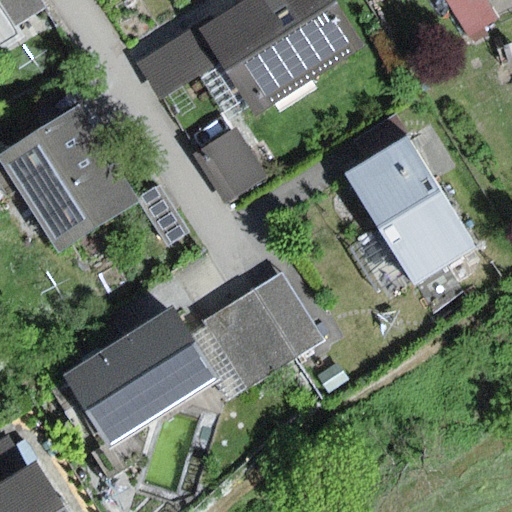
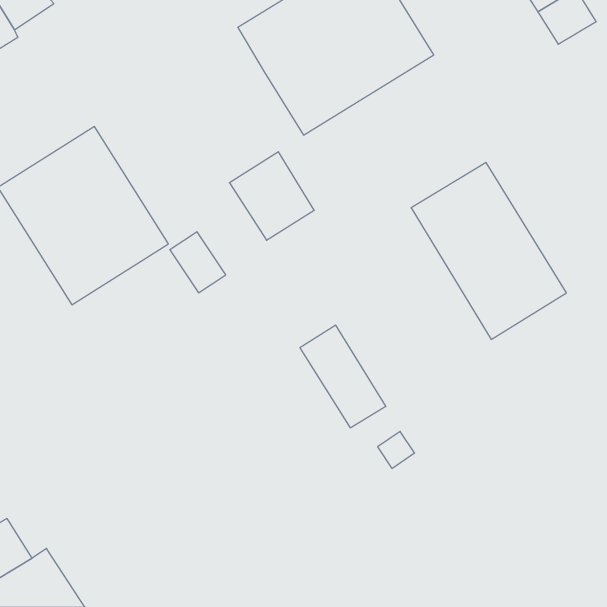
building: [136,23,221,98] -> none
building: [204,291,293,388] -> none
building: [64,307,217,447] -> none

